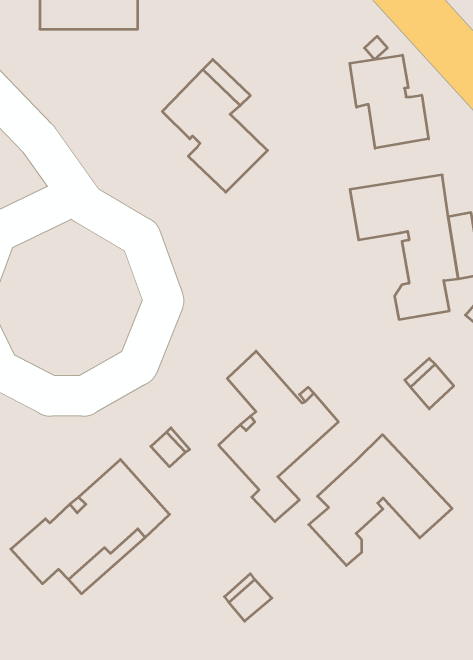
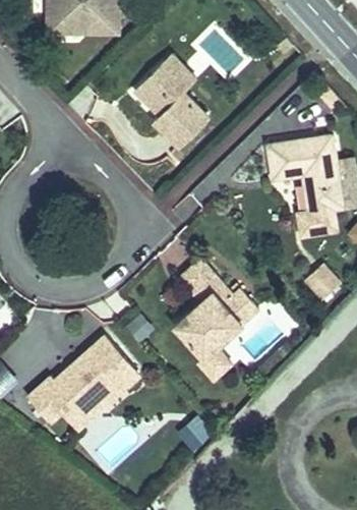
building: [350,55,429,148] -> none
building: [309,435,452,566] -> none

